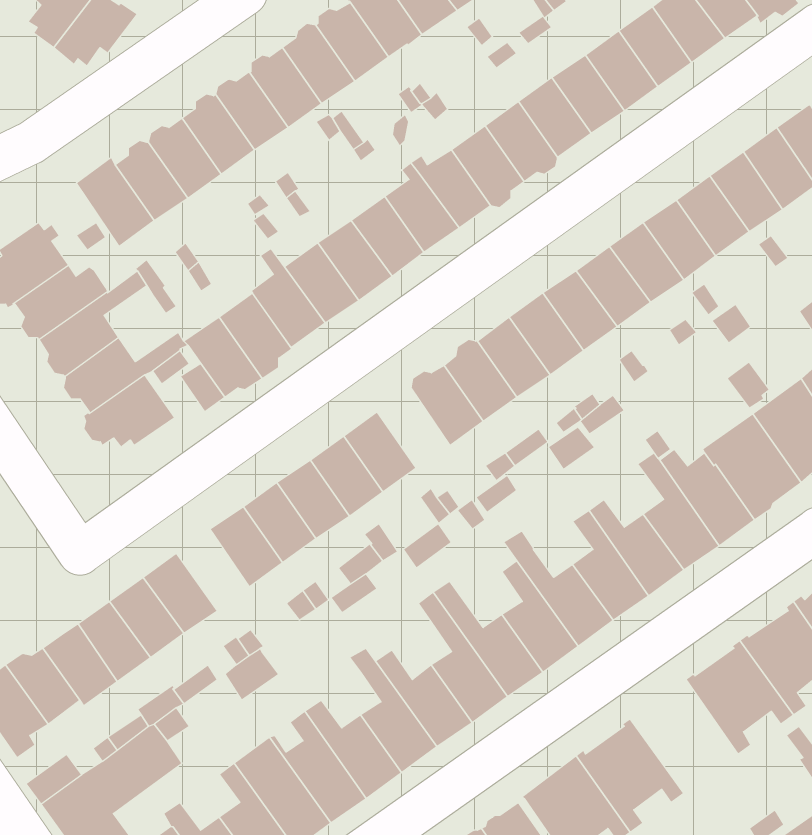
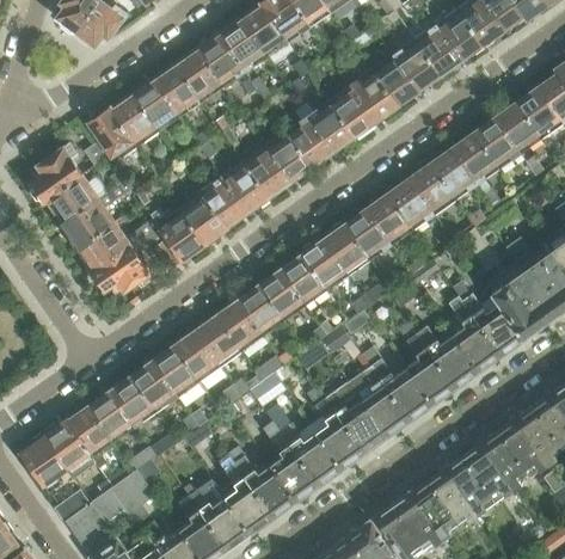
building: none -> [281,253,327,305]
building: none -> [152,344,198,397]
building: none -> [443,441,512,514]

